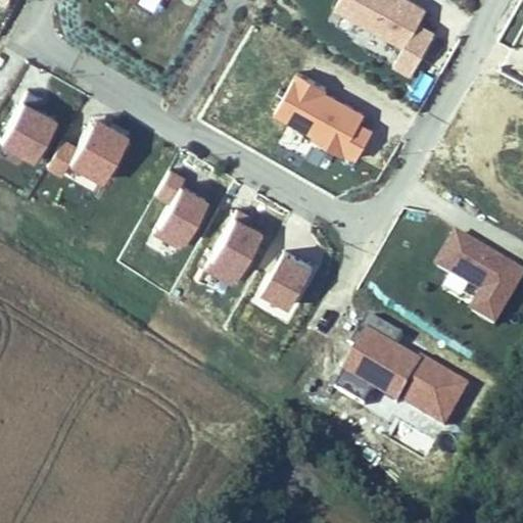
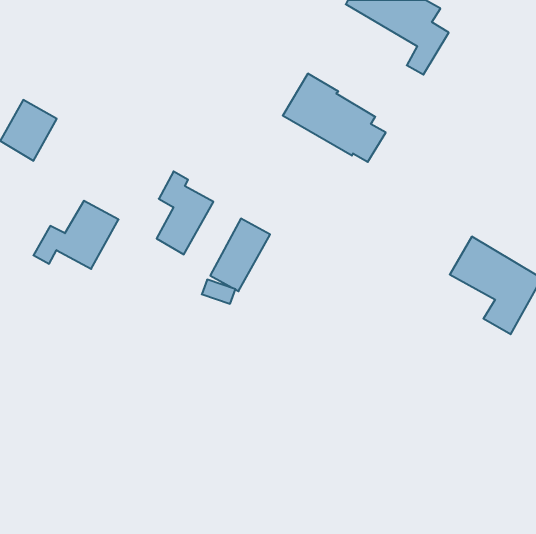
building: [47,115,130,182] -> [33,201,119,269]
building: [265,250,316,306] -> none
building: [338,318,471,430] -> none

